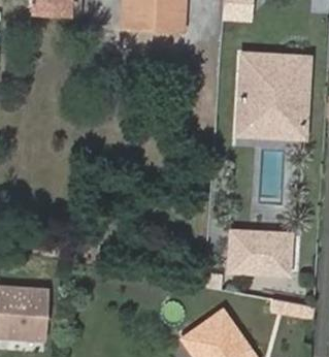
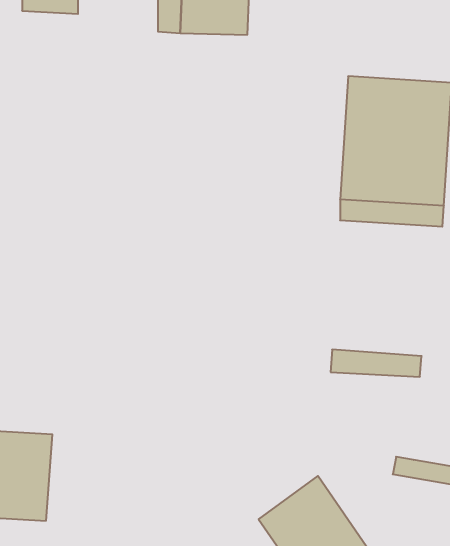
building: [230,244,290,272] -> none

